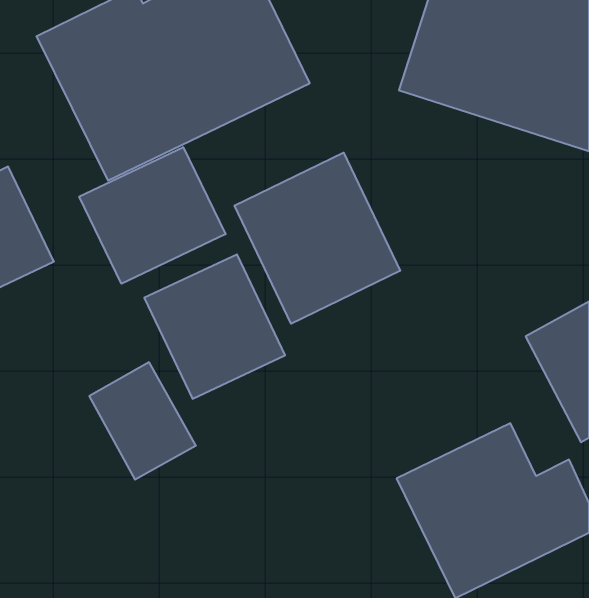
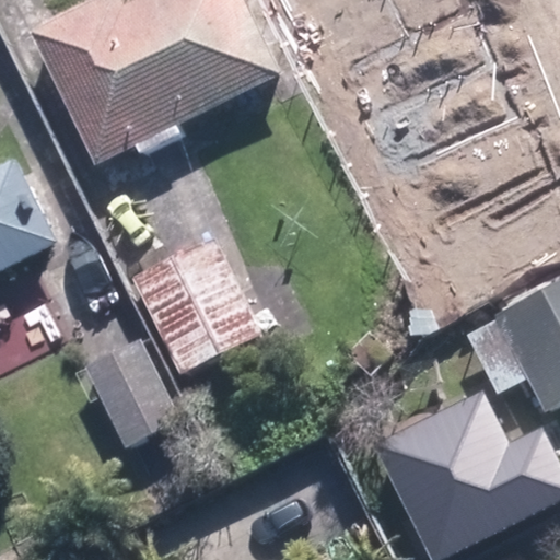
building: [79,147,226,284] -> none
building: [235,153,400,324] -> none

